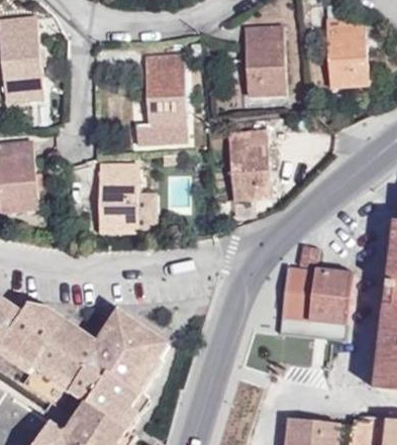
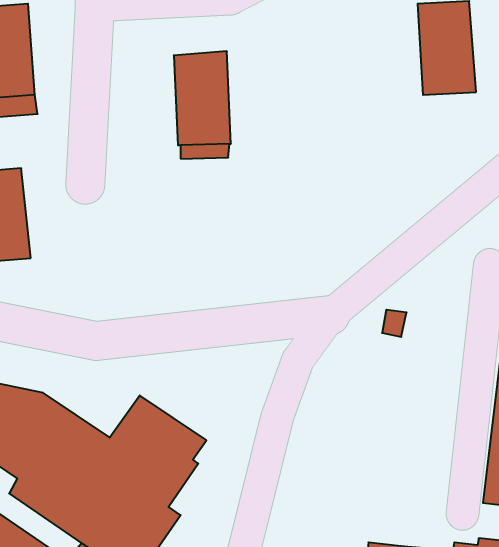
building: [243,26,286,96] -> none
building: [226,130,273,201] -> none
building: [99,164,138,233] -> none
building: [280,267,354,325] -> none

